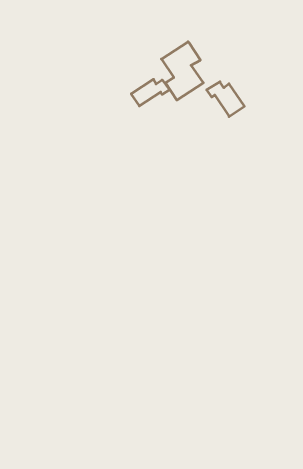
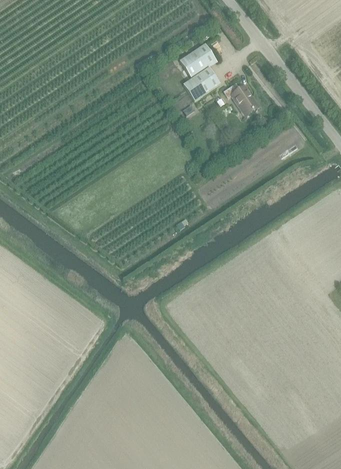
building: [131,79,169,106] -> none

